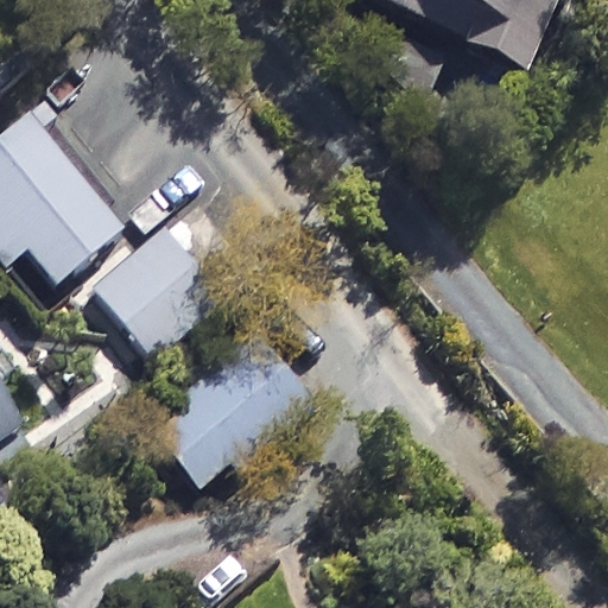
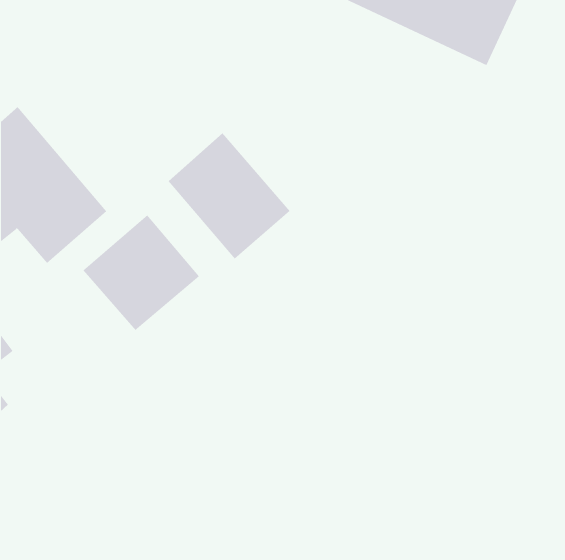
building: none -> [168,133,291,259]
building: [150,334,310,484] -> none

